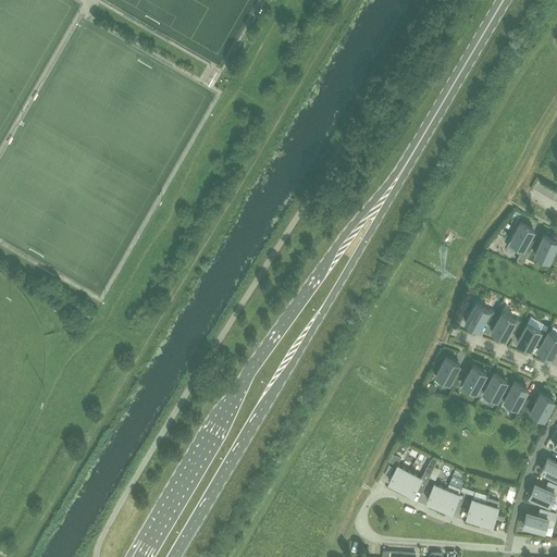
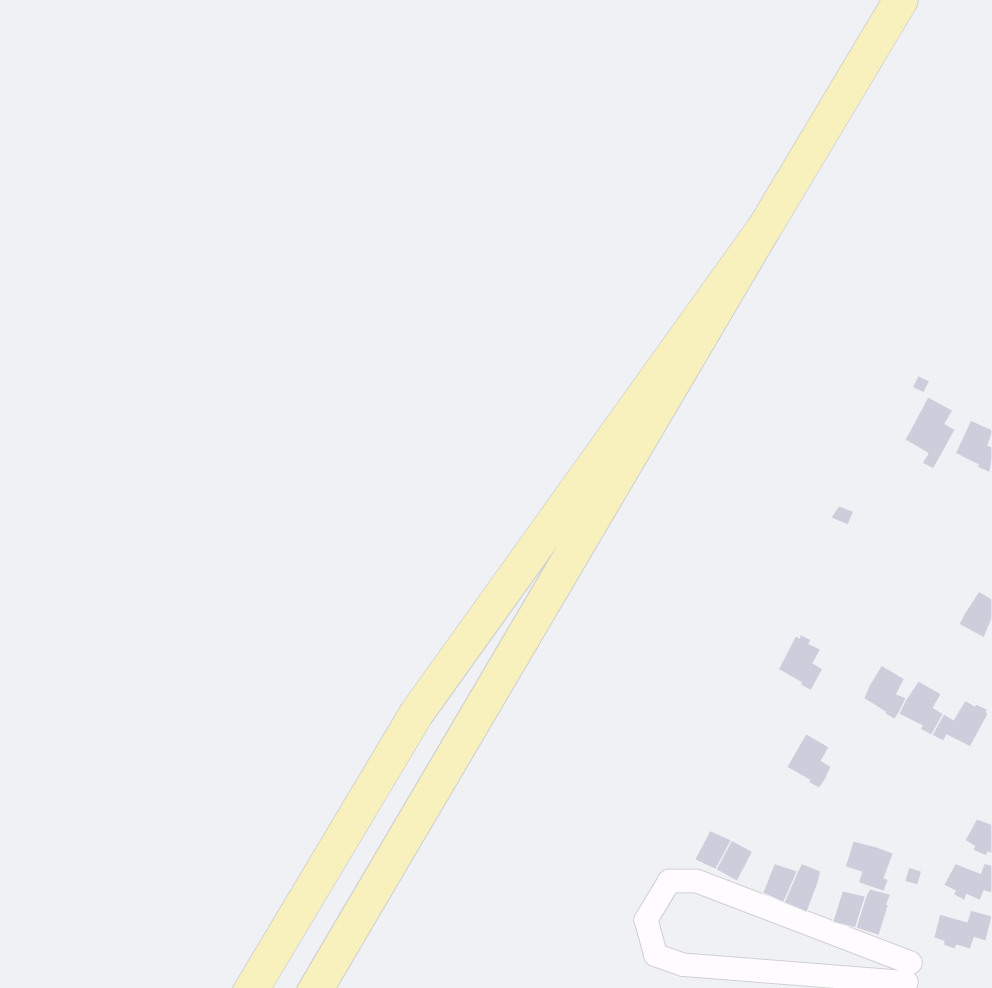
building: [465,306,495,332] -> none
building: [491,315,521,342] -> none
building: [517,320,547,351] -> none
building: [461,368,486,398] -> [786,734,831,788]
building: none -> [845,841,894,892]

